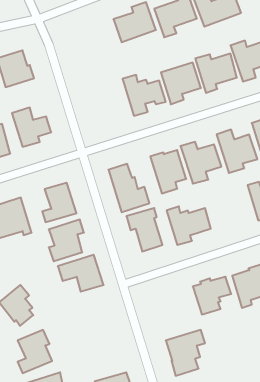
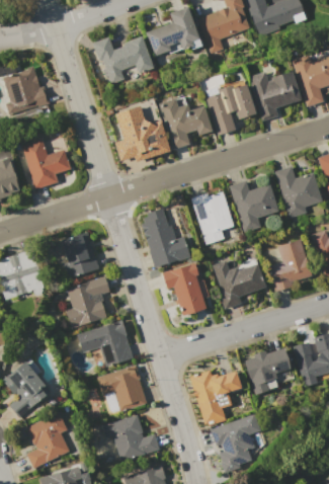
building: none -> [93,34,152,82]
building: none -> [114,106,169,161]
building: none -> [270,238,313,292]
building: none -> [98,365,149,415]
building: none -> [190,368,243,426]
building: none -> [103,413,161,461]

